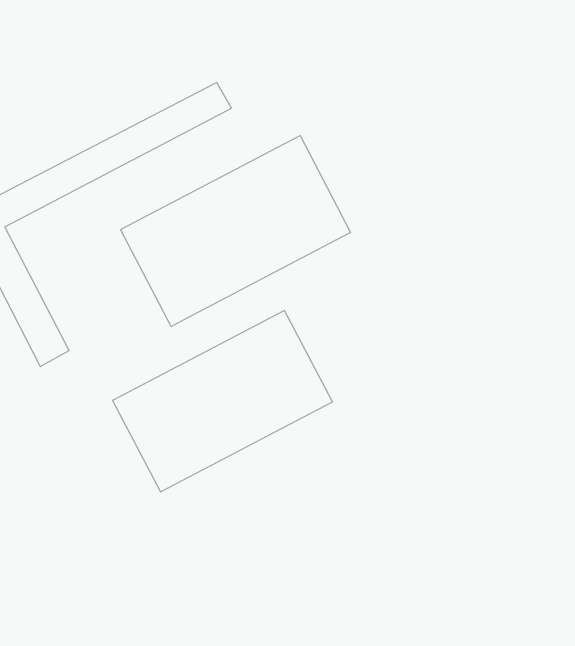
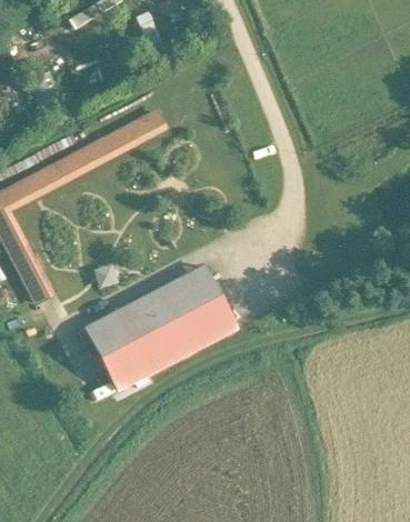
building: [121,136,351,326] -> none

